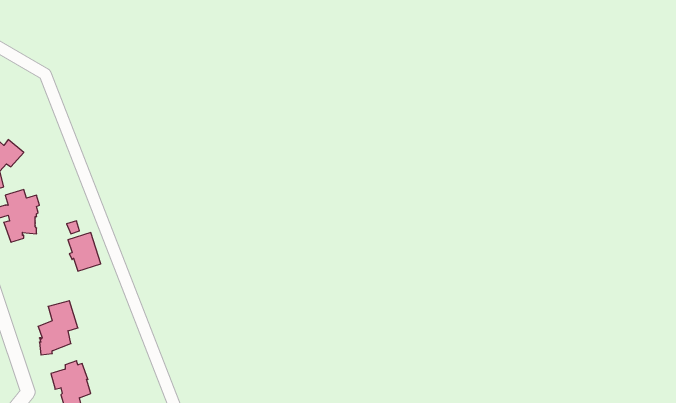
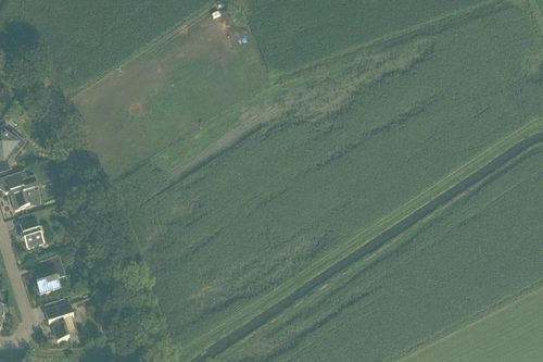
building: [68,233,101,271] -> [18,217,43,247]

